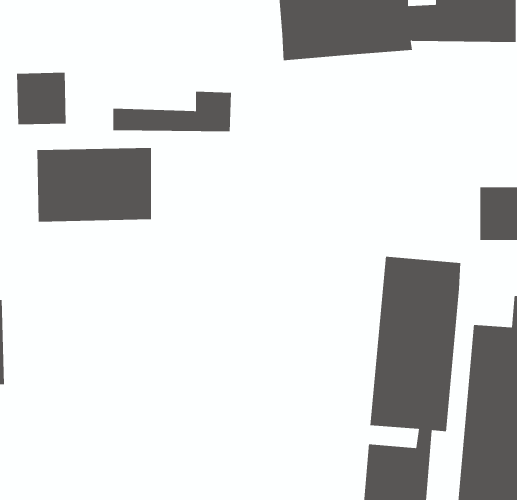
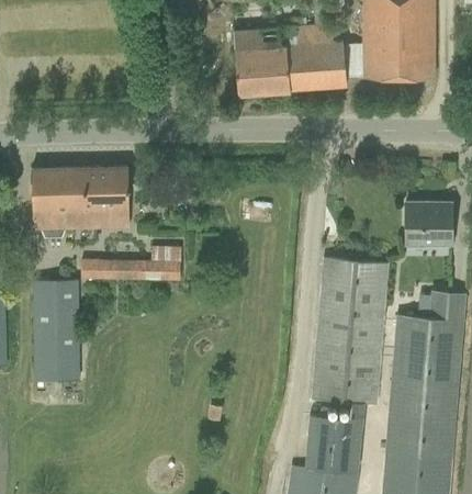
building: [16,72,66,125] -> none
building: [112,91,232,132] -> [81,246,181,280]
building: none -> [34,280,79,382]

